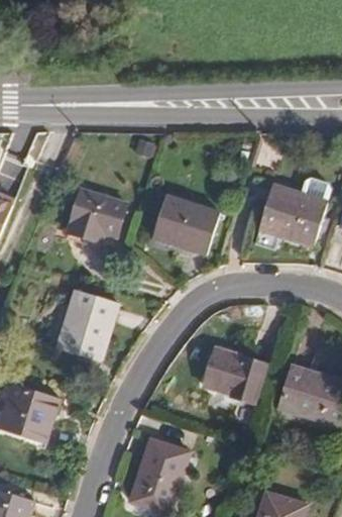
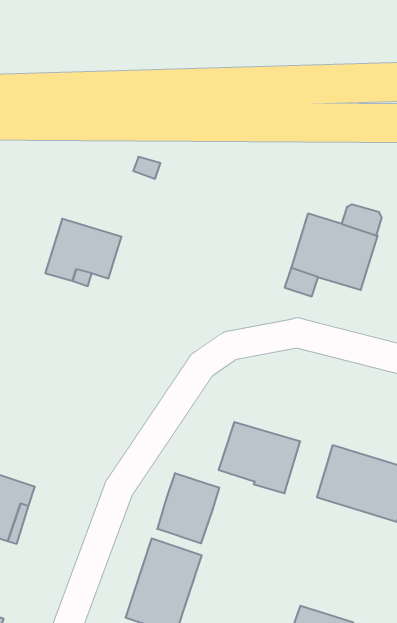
building: [151,194,219,254] -> none
building: [58,289,117,360] -> none
building: none -> [157,473,219,543]

